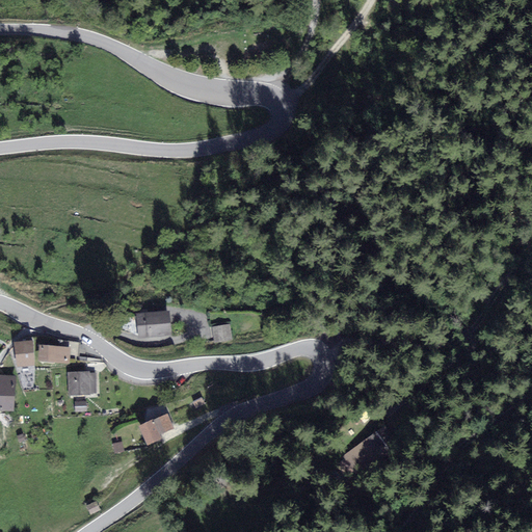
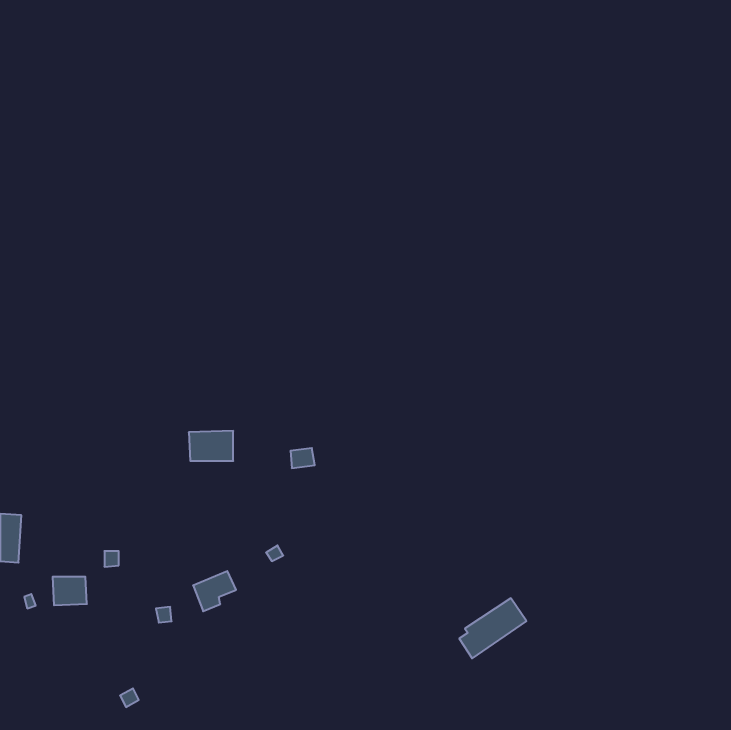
building: [15,340,34,364] -> none
building: [41,347,71,363] -> none
building: [70,373,95,394] -> [53,577,87,605]

